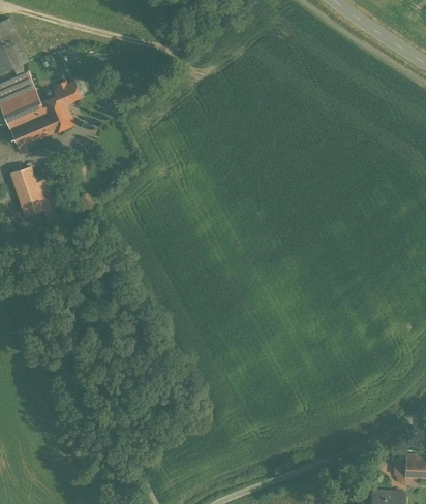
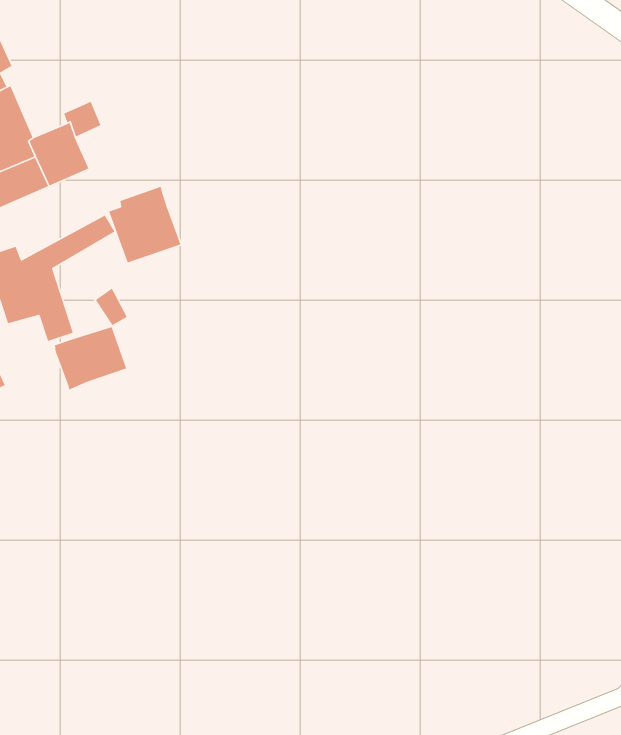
building: none -> [108,186,181,264]
building: none -> [54,326,127,391]

